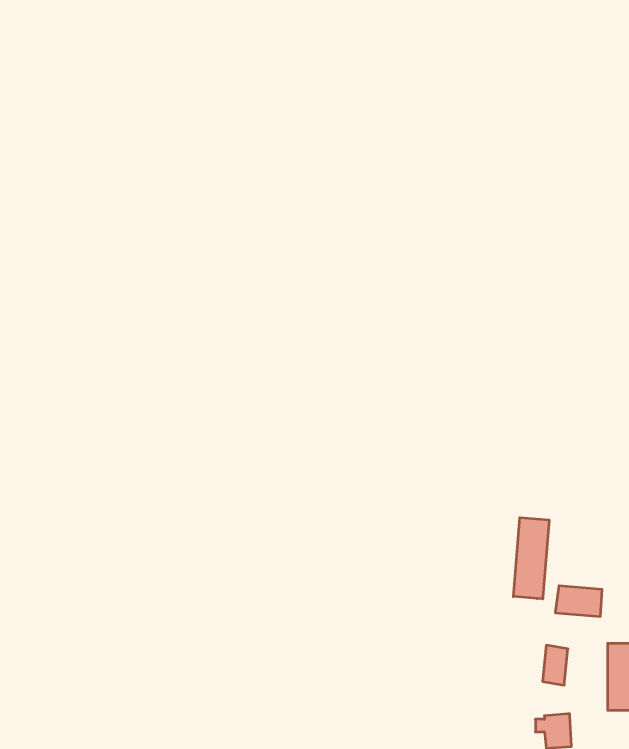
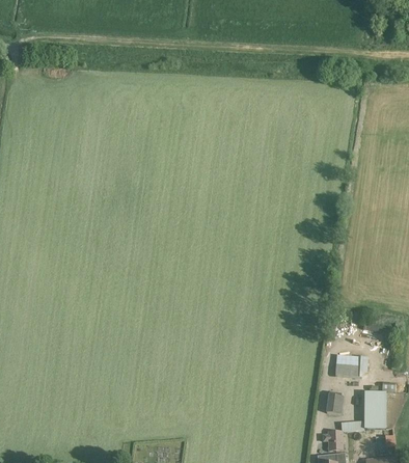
building: [513,518,549,599] -> none

